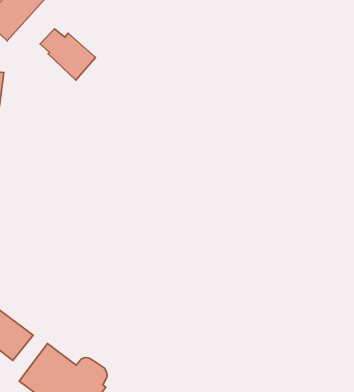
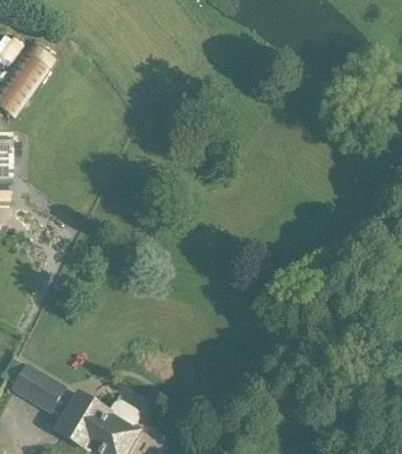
building: [40,29,96,80] -> none

